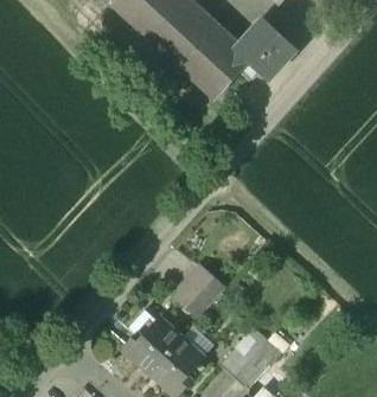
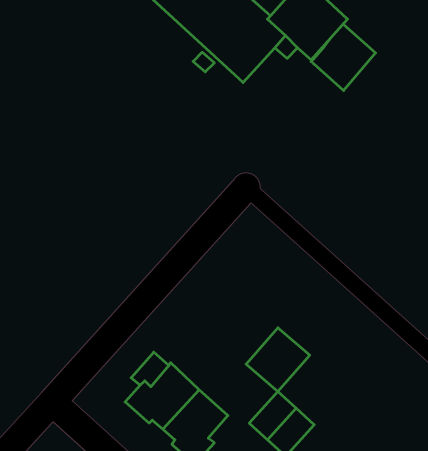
building: none -> [311,24,376,91]
building: [175,265,225,315] -> [246,328,310,391]

